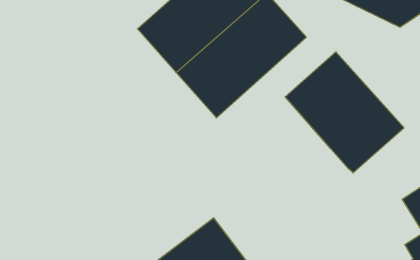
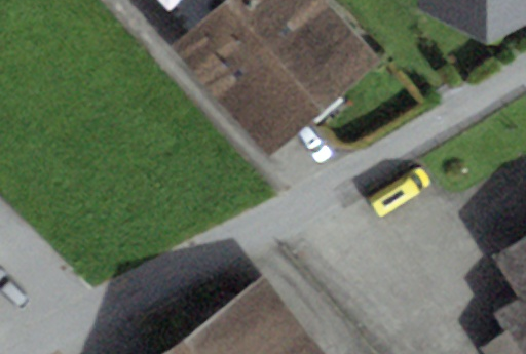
building: [285,52,404,173] -> none

